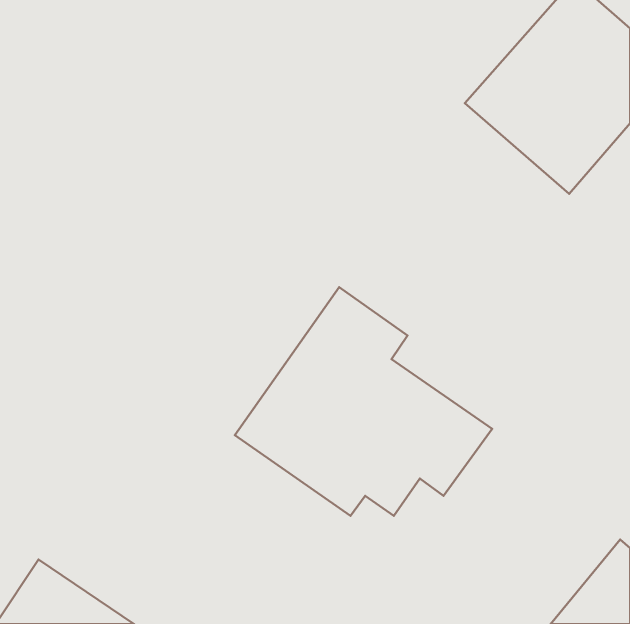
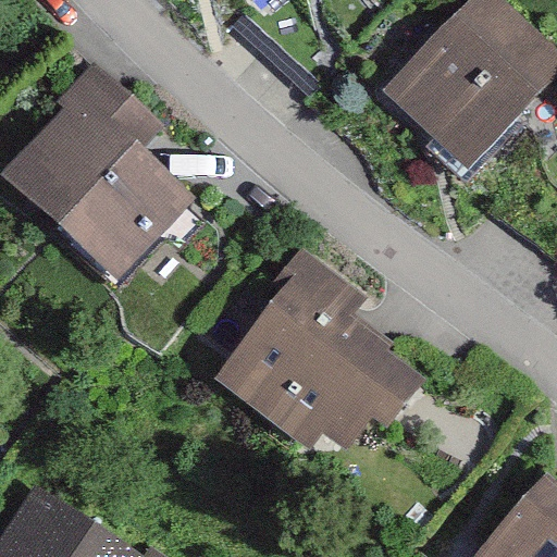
building: none -> [4,57,193,281]

